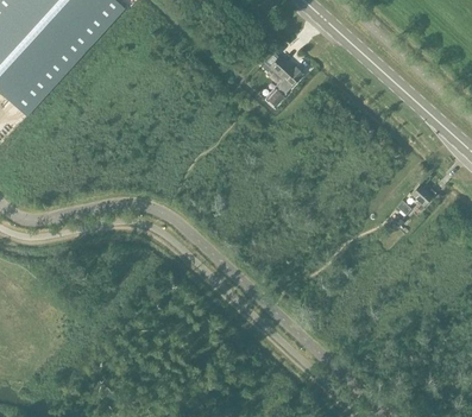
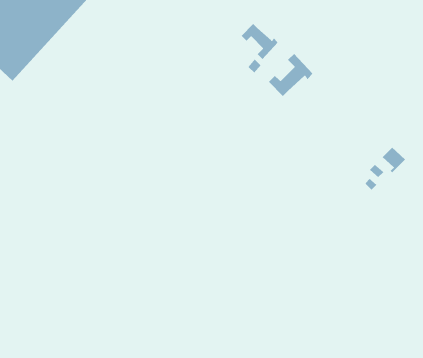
building: none -> [268,53,313,97]

